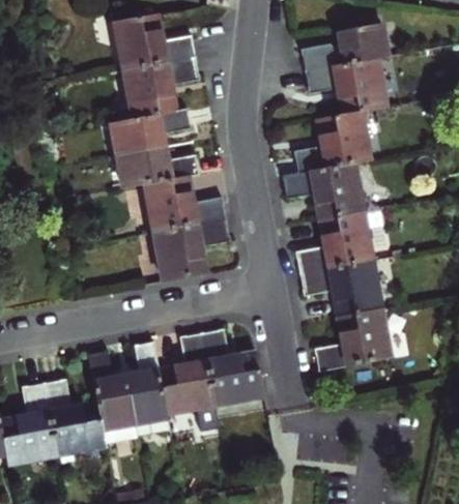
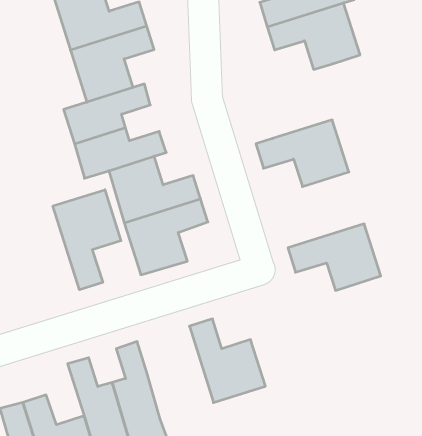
building: [293,112,369,173] -> none
building: none -> [53,190,121,290]
building: [295,211,371,273] -> none
building: [314,308,390,372] -> none
building: [159,333,216,414] -> none

